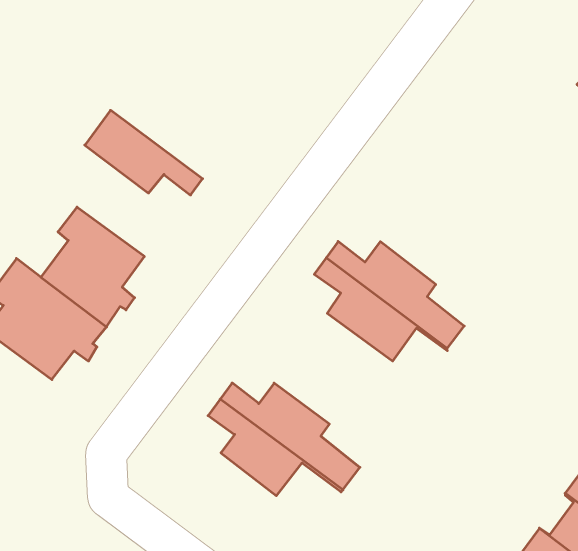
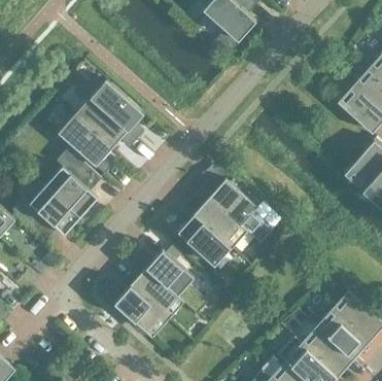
building: none -> [91,85,143,141]
building: none -> [59,117,112,176]
building: none -> [168,216,231,267]
building: none -> [104,287,162,334]

